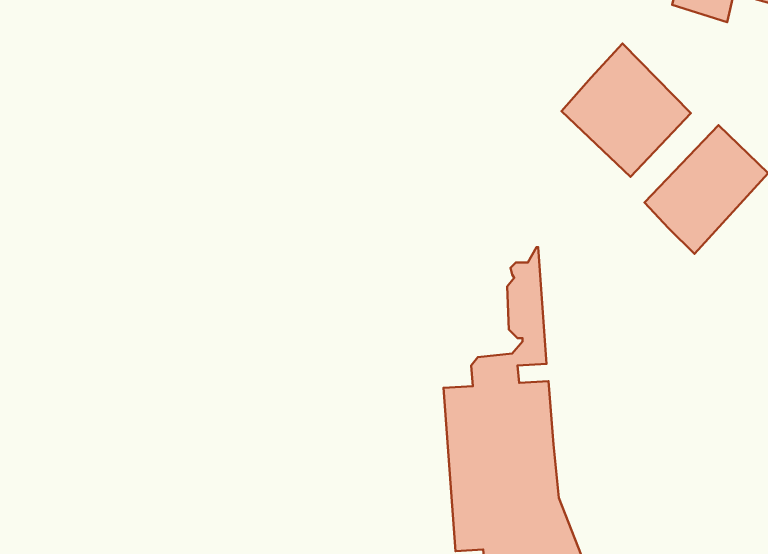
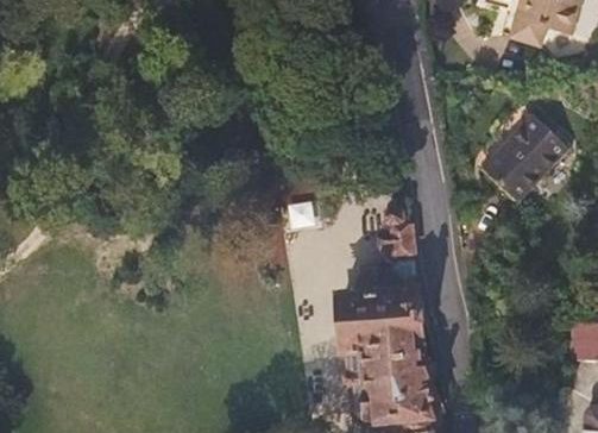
building: [561,44,691,177] -> none

